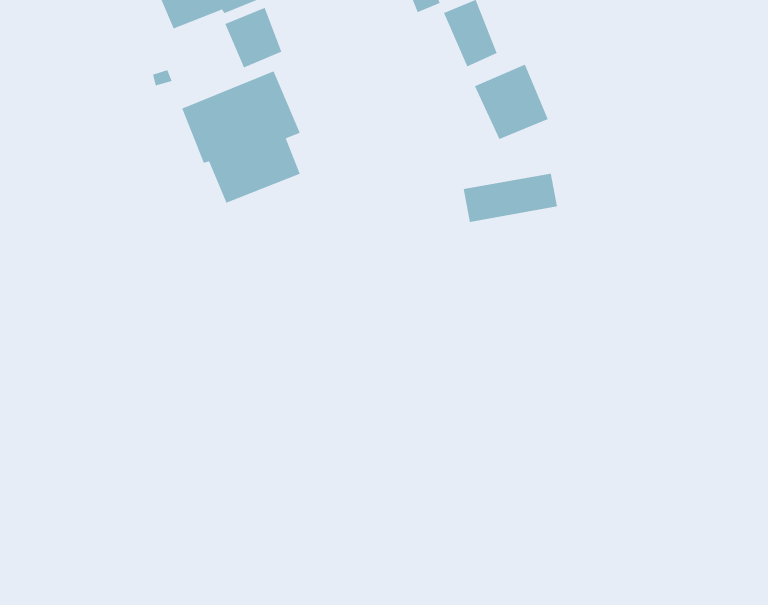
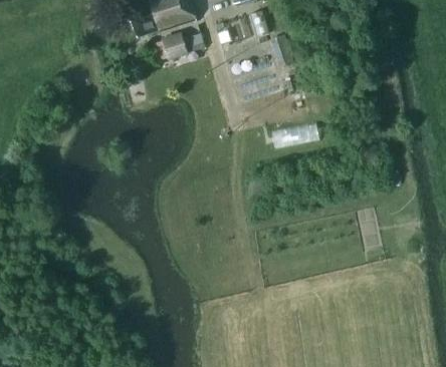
building: [474,64,549,140] -> none
building: [182,70,301,204] -> none

